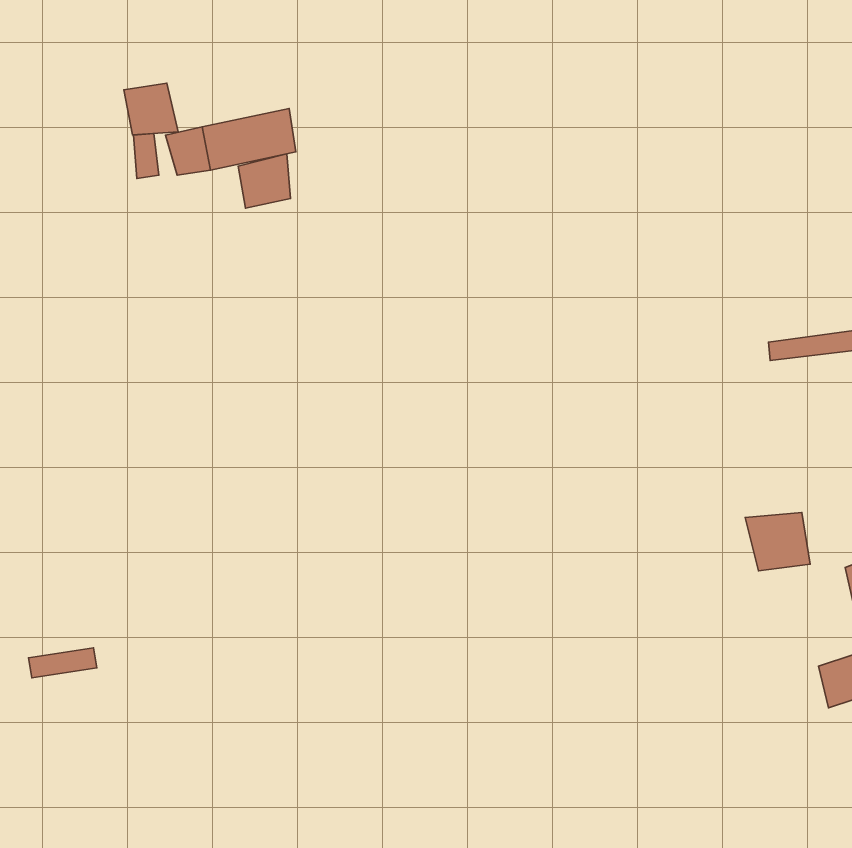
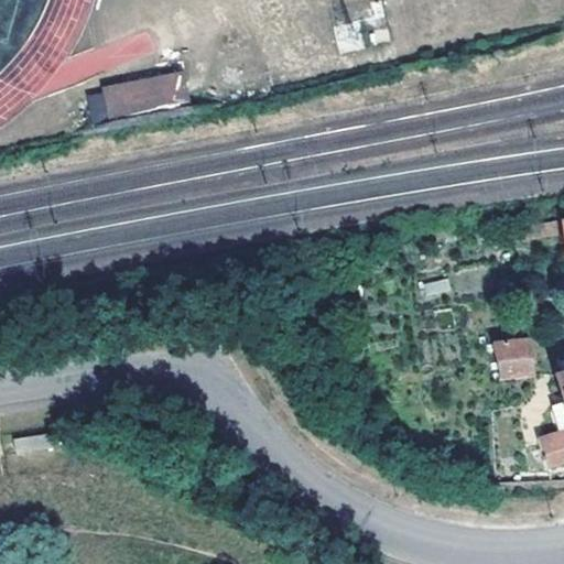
building: [124,83,178,135] -> none
building: [238,154,291,208] -> none

